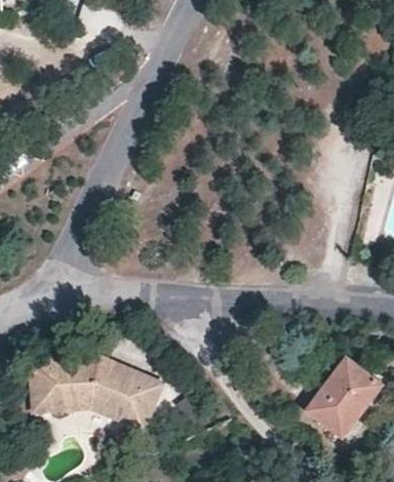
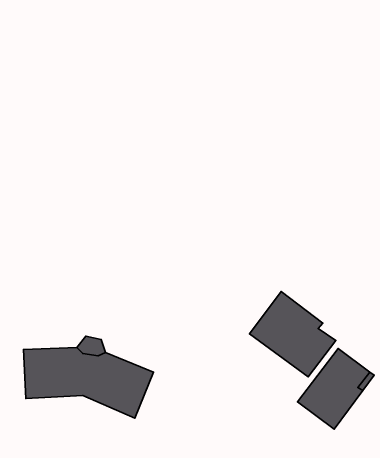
building: none -> [249,291,336,377]

